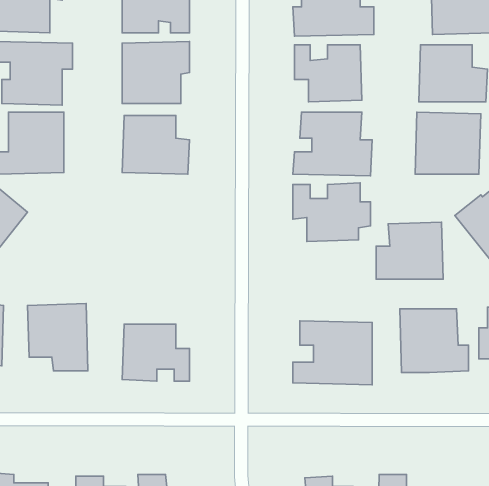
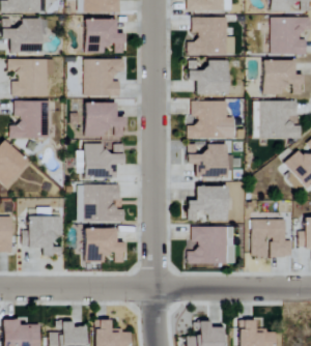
building: none -> [84,144,123,178]
building: [376,222,443,279] -> [188,186,228,221]
building: none -> [78,185,123,223]

